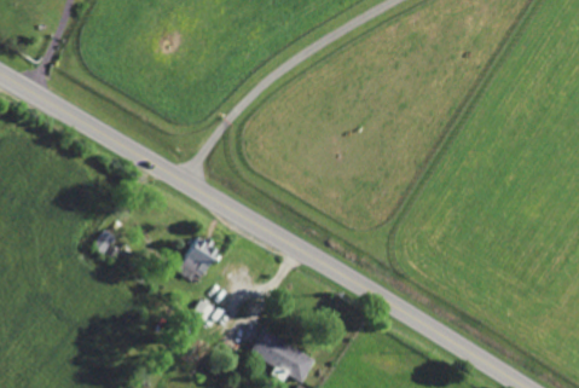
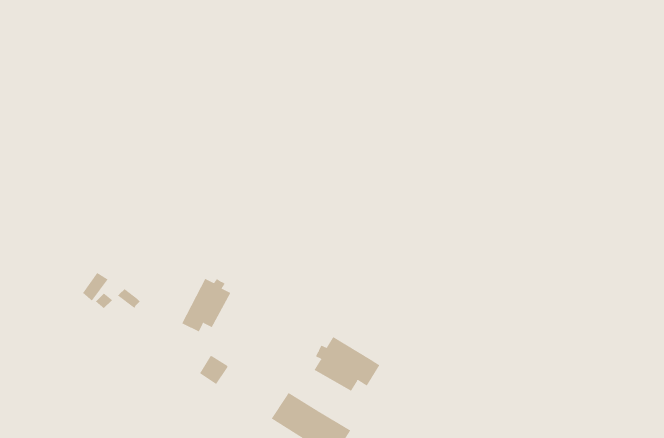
building: none -> [314,336,380,392]

